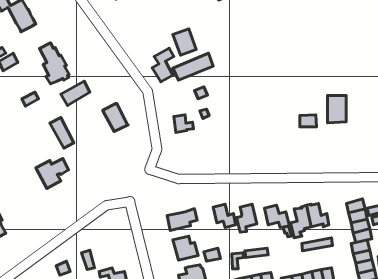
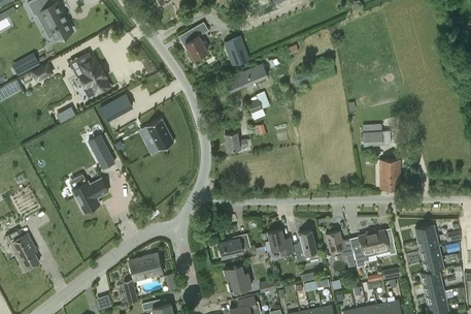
building: [152,48,174,82] -> [184,22,208,59]
building: [327,96,346,123] -> [379,159,400,189]
building: none -> [129,253,162,281]

